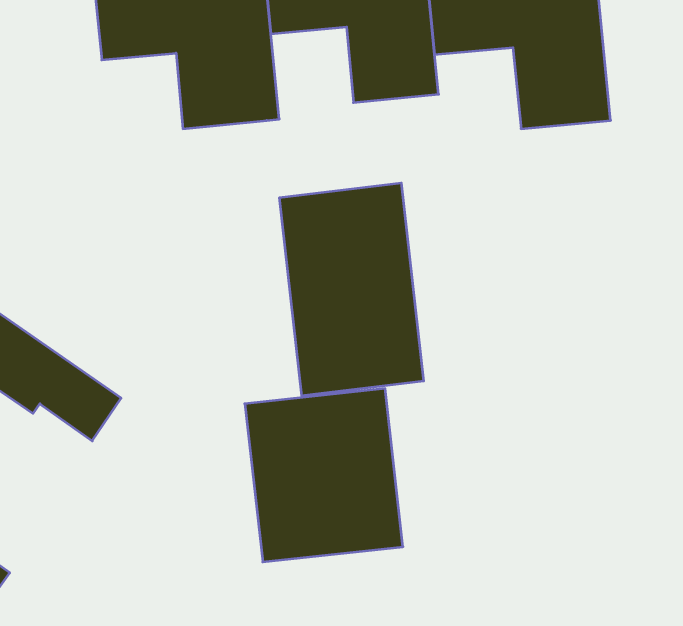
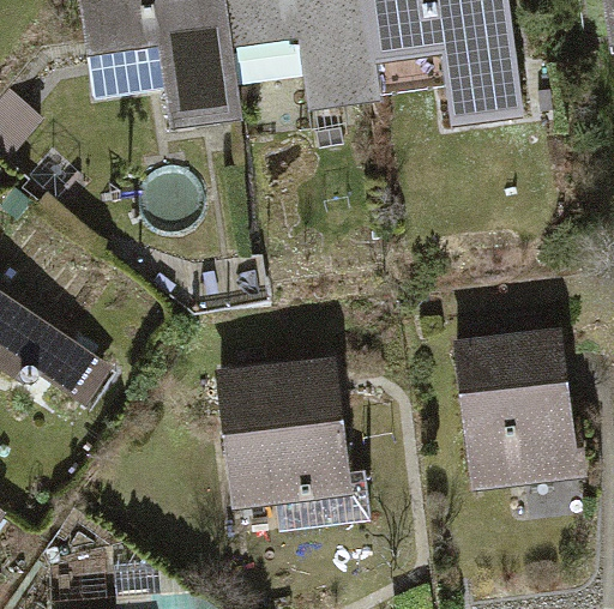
building: [280,183,424,396] -> none
building: none -> [449,332,578,489]

